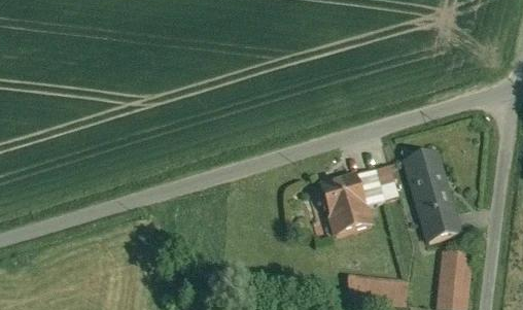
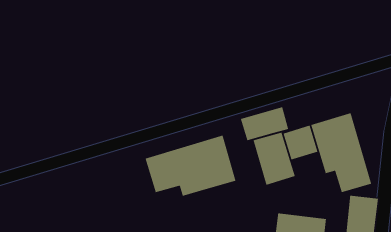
building: none -> [240,106,289,142]
building: none -> [145,134,237,197]

